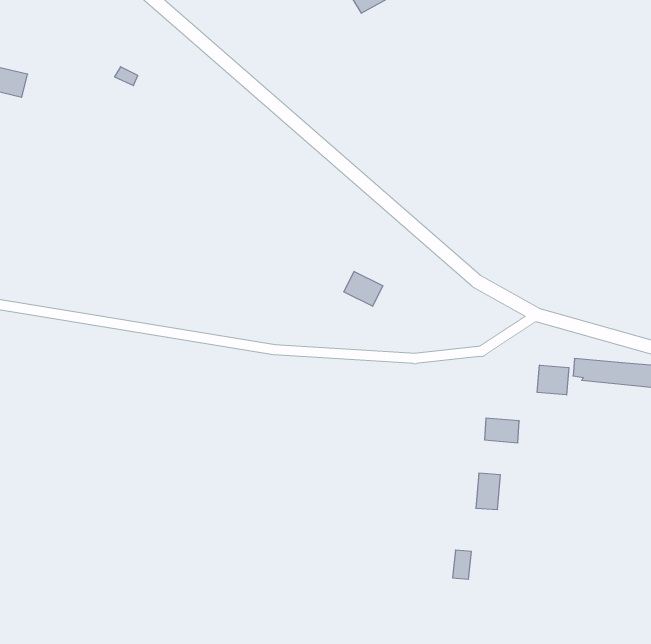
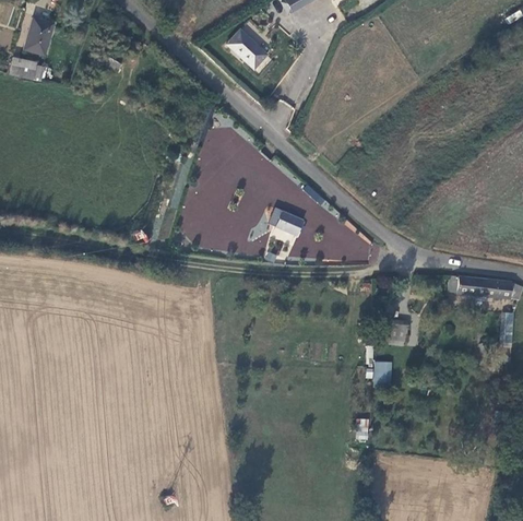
building: none -> [23,14,54,54]
building: none -> [226,31,268,70]
building: [537,365,569,395] -> none

